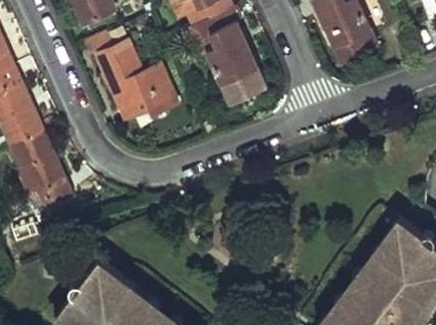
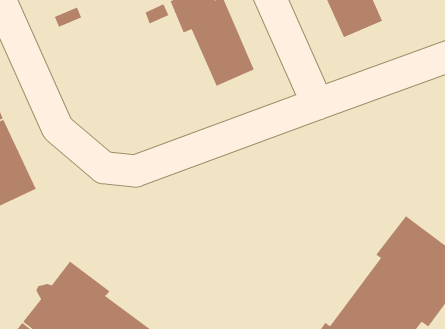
building: [99,48,179,125] -> none

